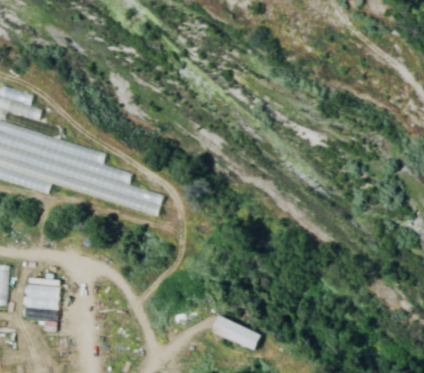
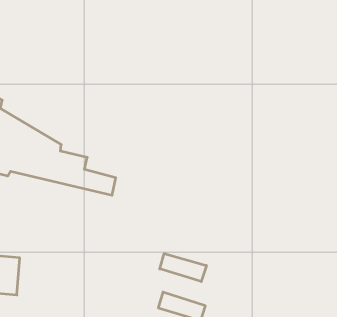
building: none -> [160,254,206,282]

